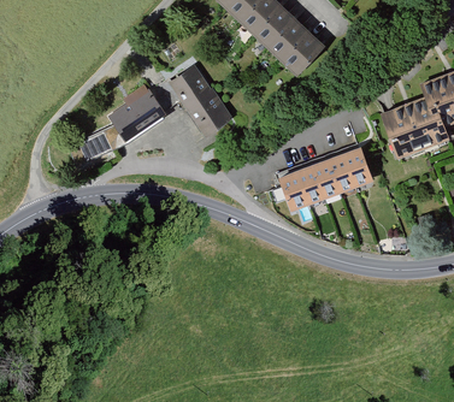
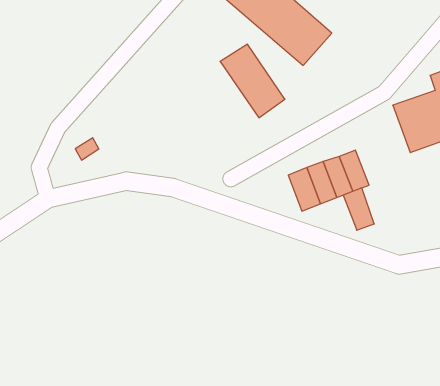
building: [167,65,230,136] -> [220,44,285,118]
building: [102,84,165,146] -> none
building: [347,147,377,188] -> [343,188,374,230]

